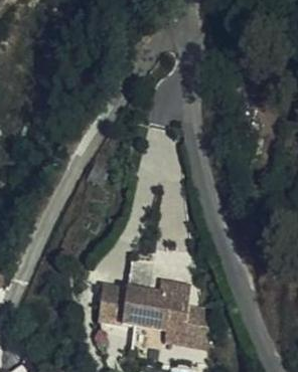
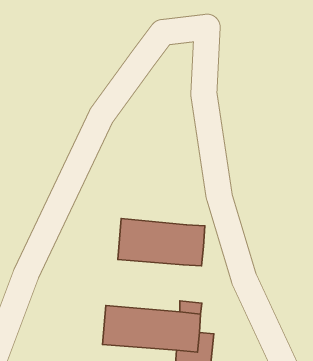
building: none -> [118,219,205,266]

